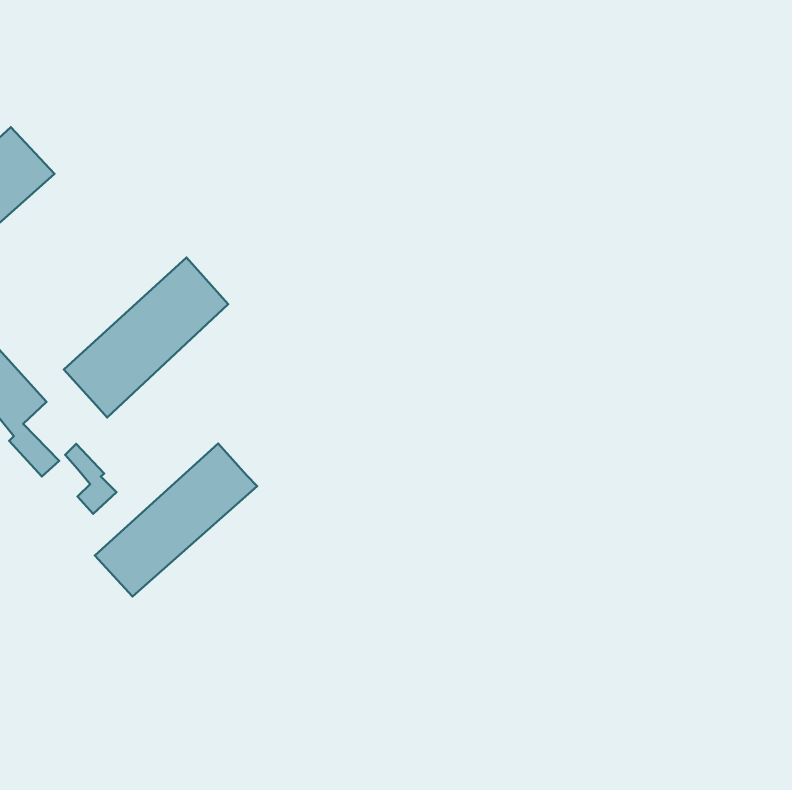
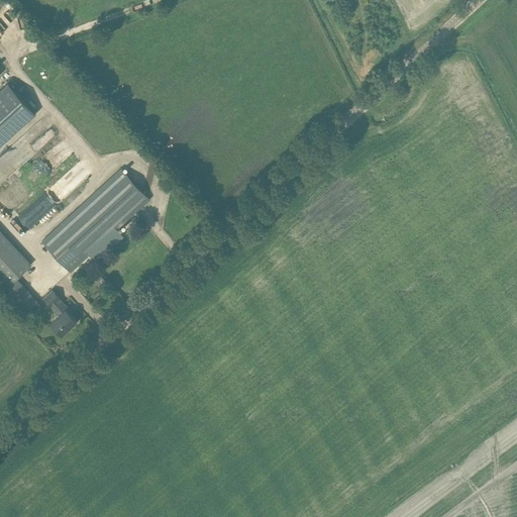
building: none -> [18,196,53,229]
building: [95,444,257,597] -> none

